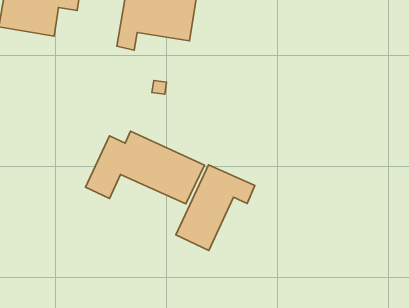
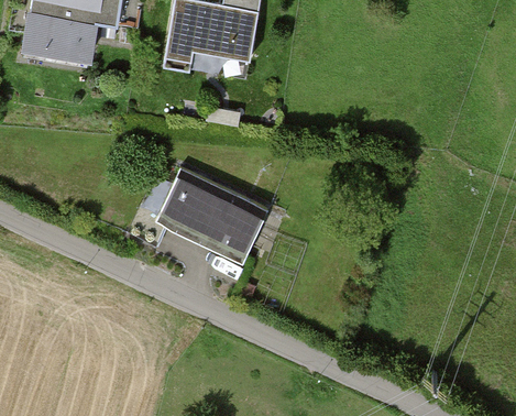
building: [176,165,255,251] -> none

